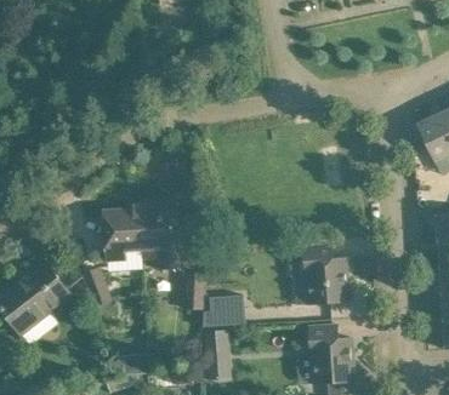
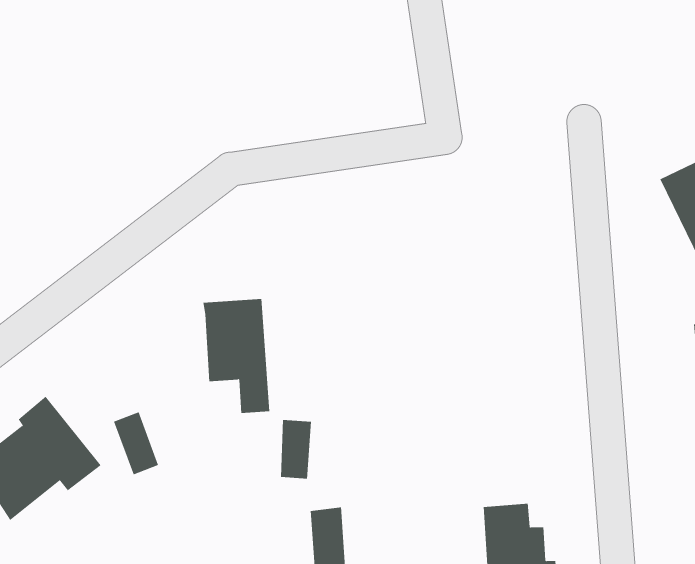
building: [103,207,142,259] -> none
building: [295,242,351,304] -> none
building: [205,294,248,325] -> none

